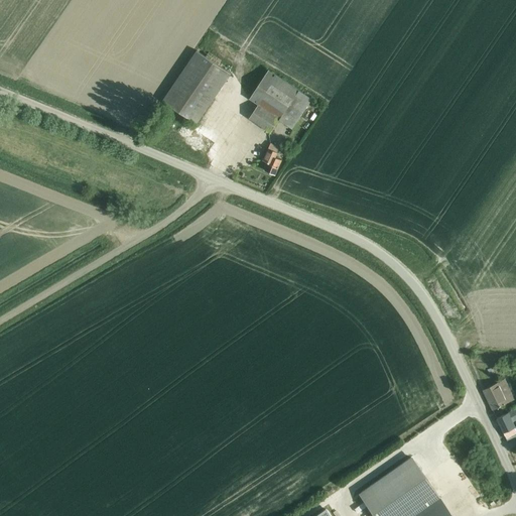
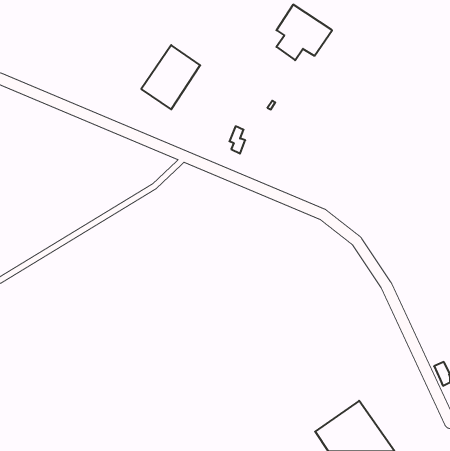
building: [248,70,311,133] -> [276,5,332,60]
building: [483,384,509,410] -> none

